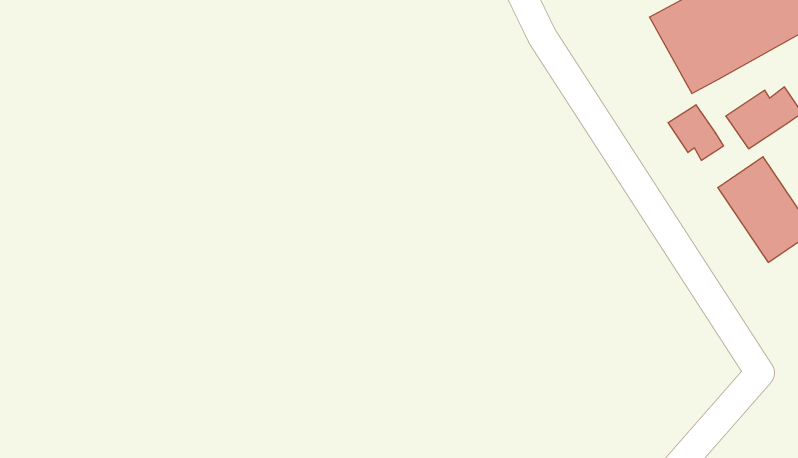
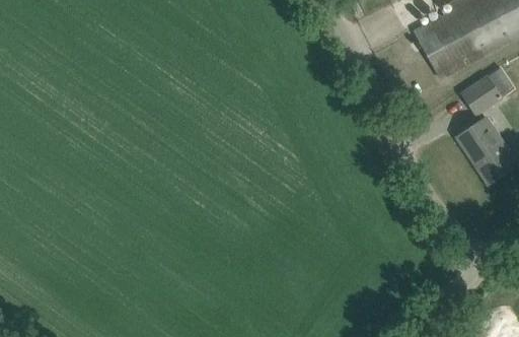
building: [668,105,724,160] -> none

